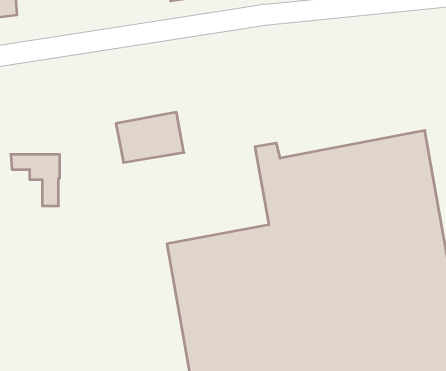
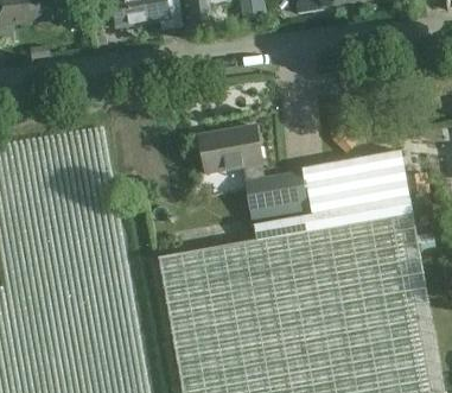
building: [116,112,184,163] -> [199,125,263,172]

